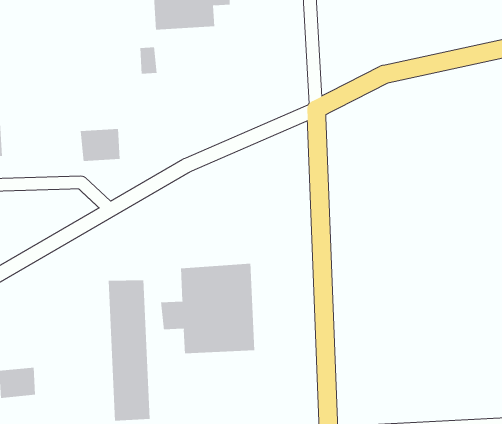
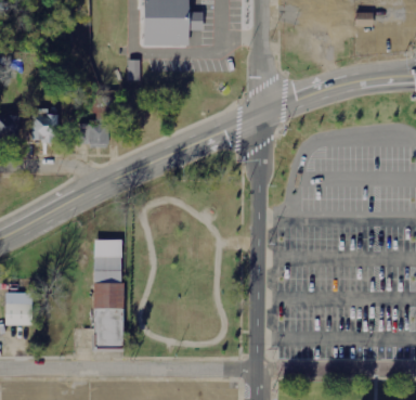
building: none -> [33,108,60,142]
building: [161,263,255,354] -> none

